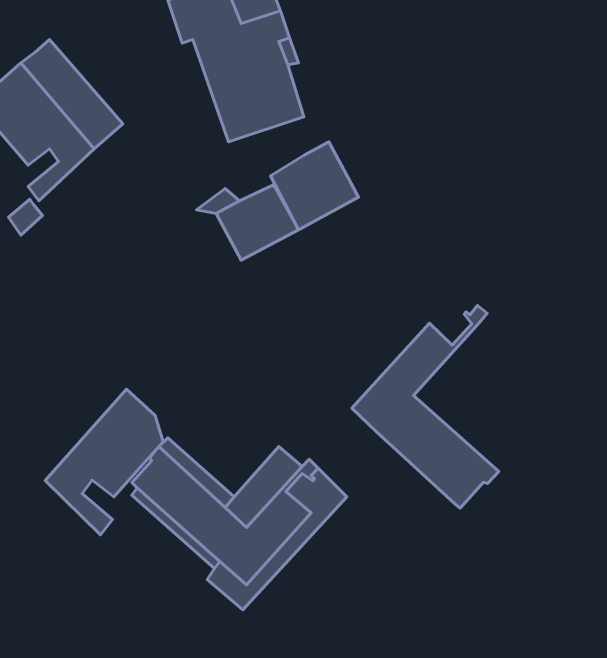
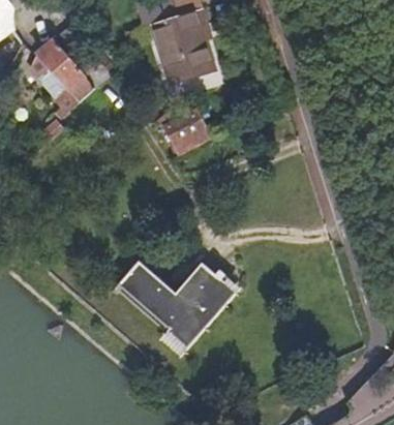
building: [271,142,358,230] -> none
building: [352,306,499,508] -> none
building: [45,389,163,535] -> none

